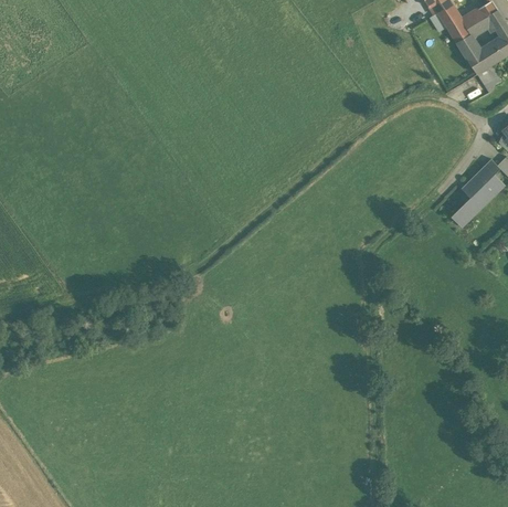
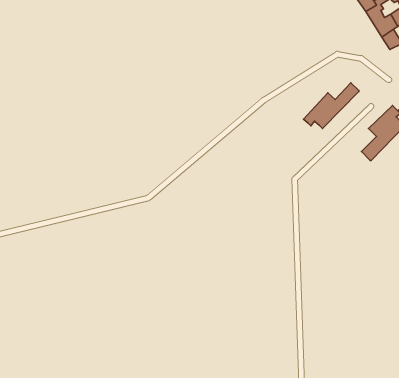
building: none -> [304,83,359,129]

